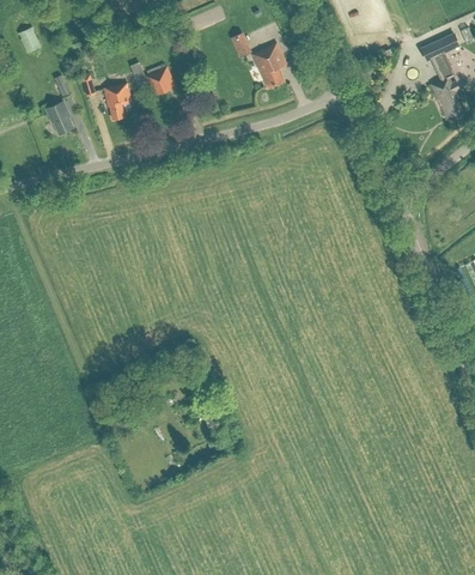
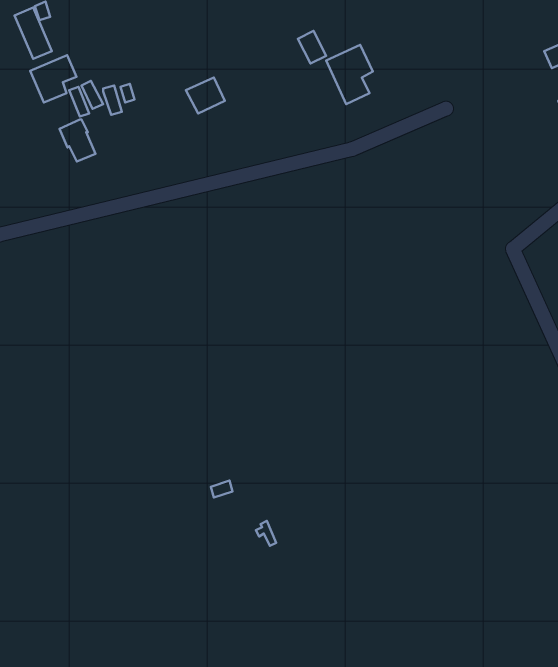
building: none -> [30,55,76,103]
building: [103,84,132,121] -> none

